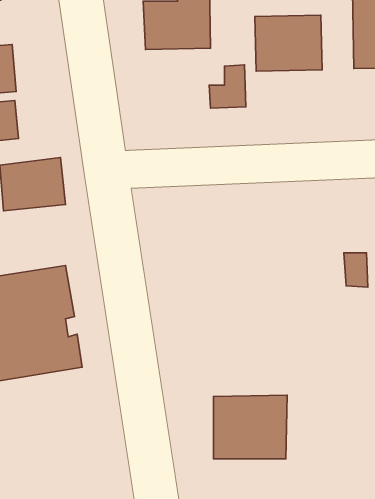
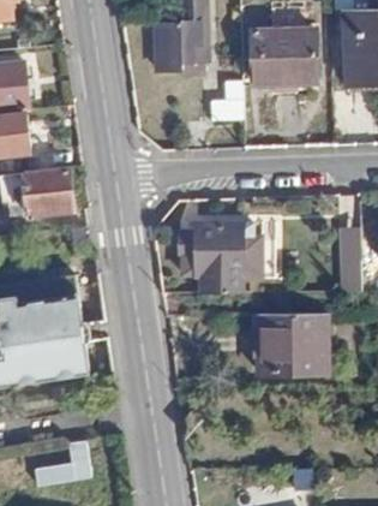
building: none -> [176,221,259,291]
building: [213,395,287,459] -> [257,311,326,371]
building: none -> [35,442,91,484]

